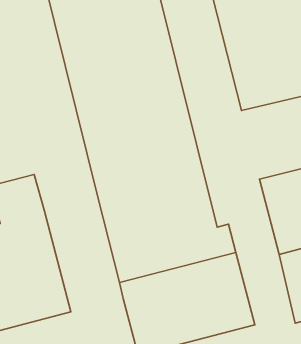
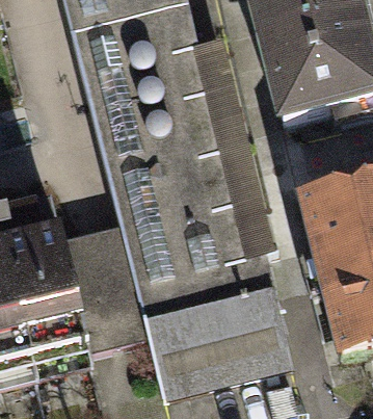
building: none -> [62,219,150,346]

